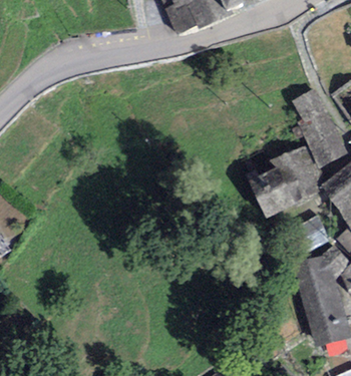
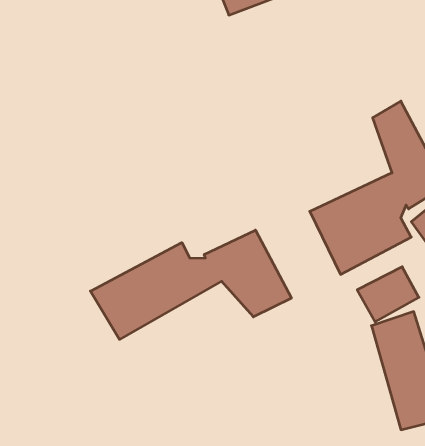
building: none -> [90,230,291,339]

